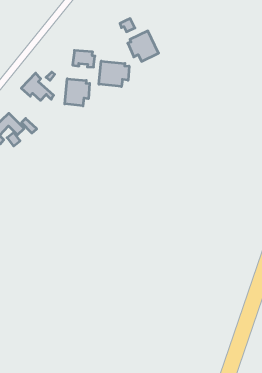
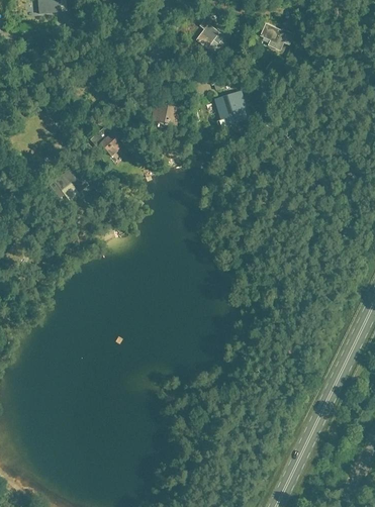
building: [99,61,129,87] -> none
building: [65,79,90,106] -> none

